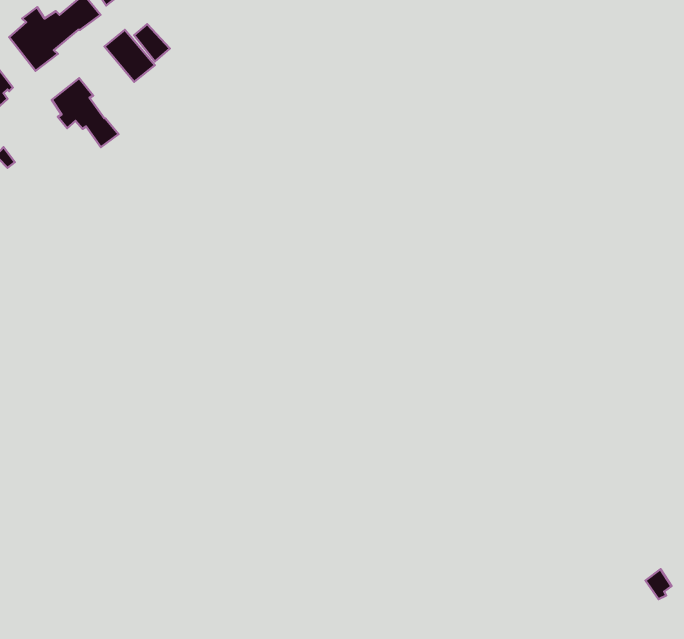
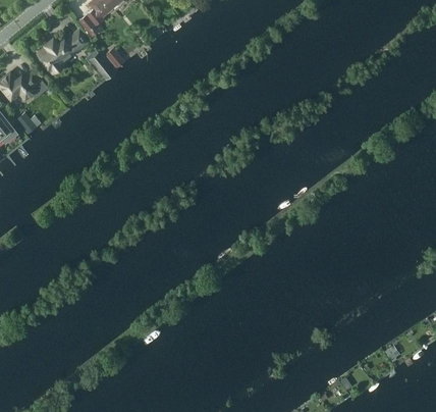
building: [52,78,118,147] -> none

